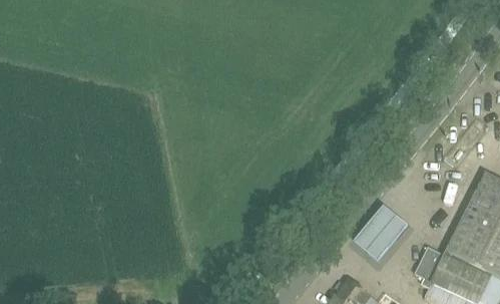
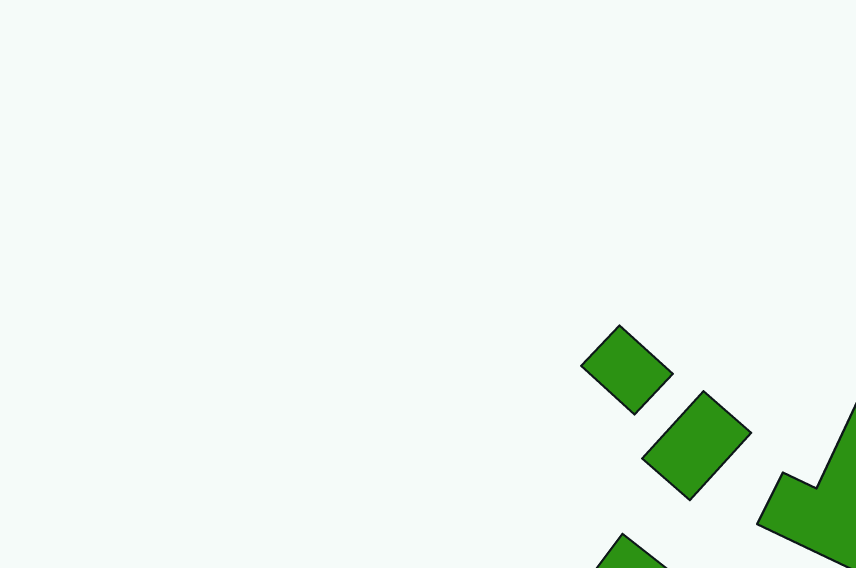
building: none -> [581,325,673,414]

